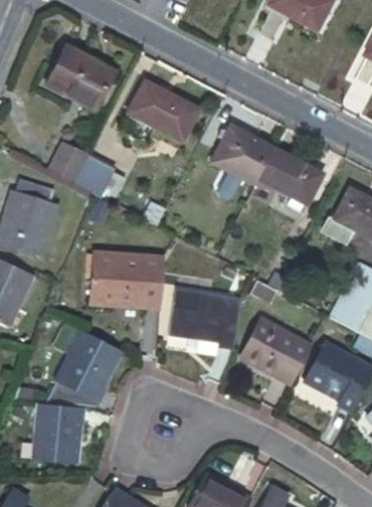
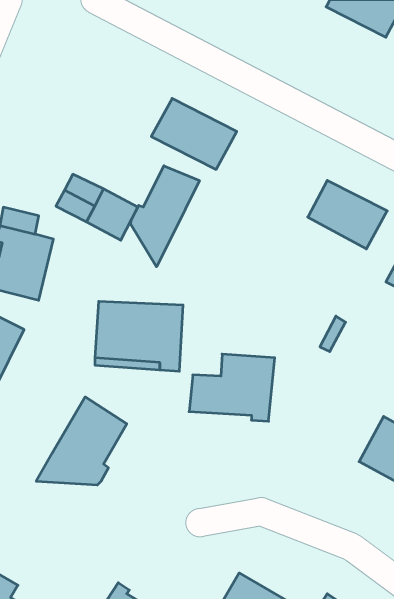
building: [52,48,121,112] -> none
building: [217,129,280,188] -> none
building: none -> [130,166,199,267]
building: [241,319,309,385] -> none
building: [29,400,78,459] -> none

